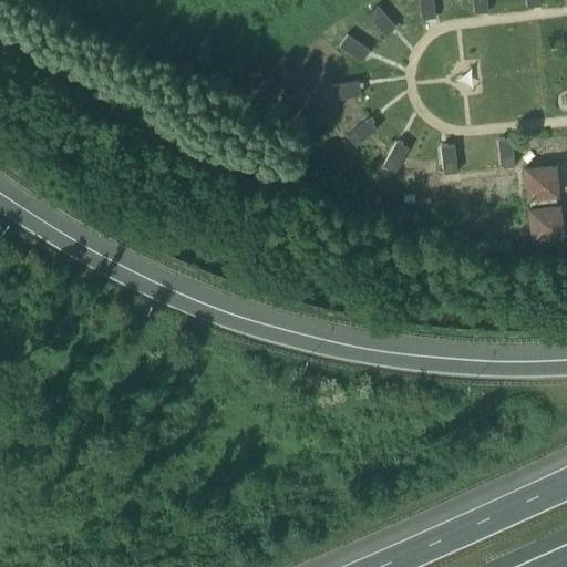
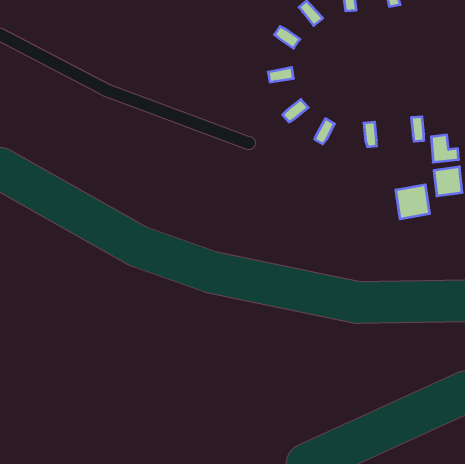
building: none -> [396,185,430,219]

